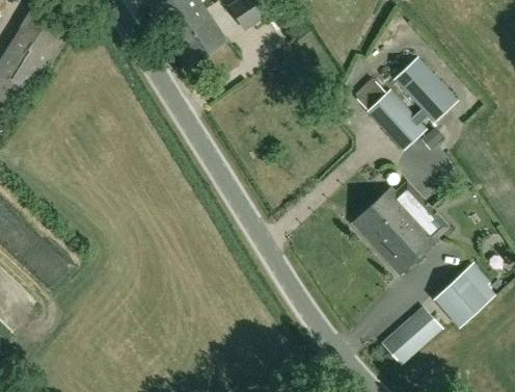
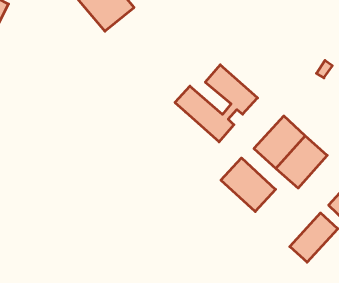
building: [356,57,455,149] -> [175,65,258,142]
building: none -> [221,158,276,212]

